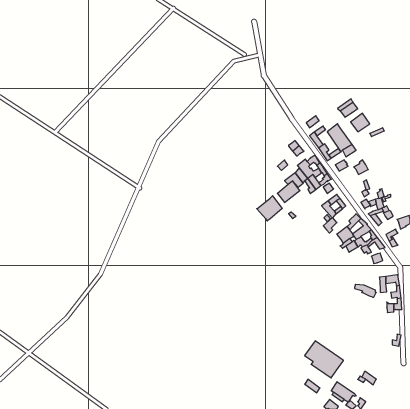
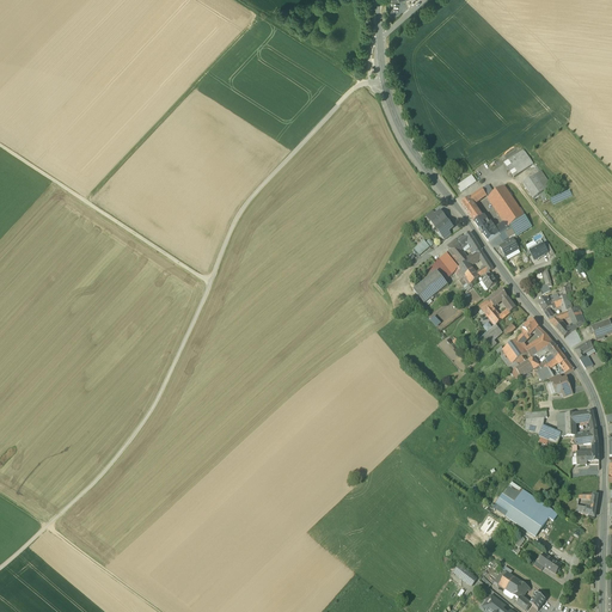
building: [257,196,282,221] -> none
building: [305,341,343,378] -> [495,481,552,536]

